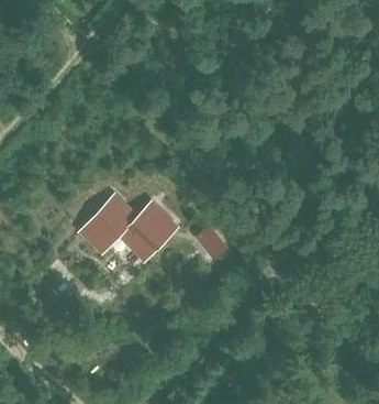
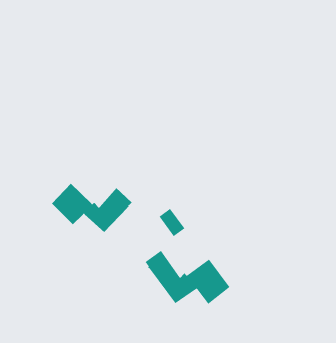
building: none -> [144,250,230,305]

